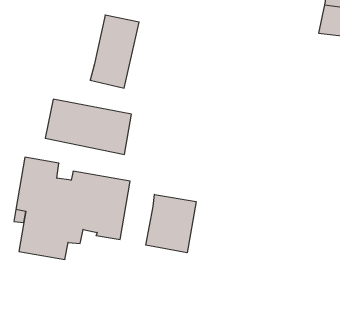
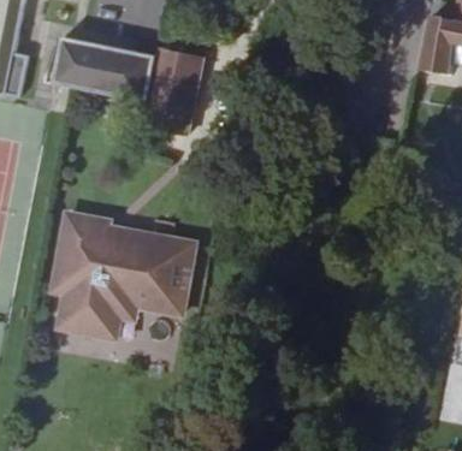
building: [45,99,131,154] -> [52,36,155,102]
building: [146,194,196,253] -> none

